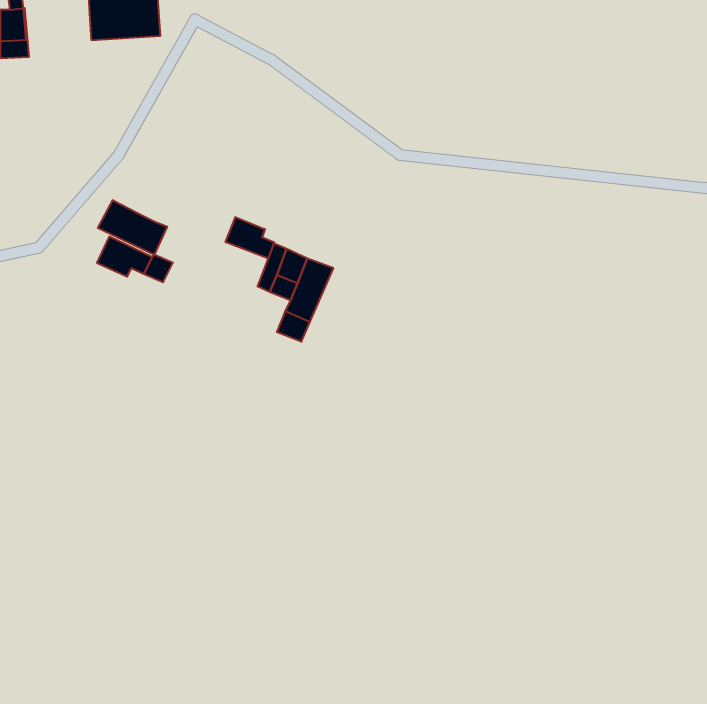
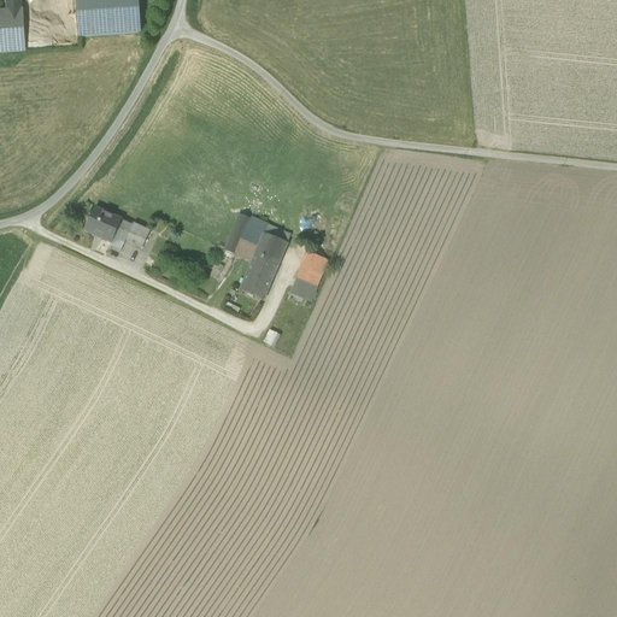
building: [98,200,167,255] -> none
building: [226,217,274,258] -> none
building: none -> [298,252,327,286]

